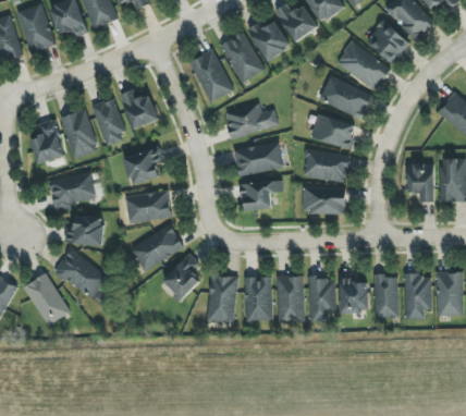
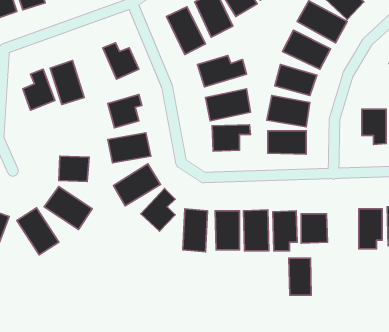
building: [91,98,127,144] -> none
building: [49,173,96,207] -> none
building: [372,276,397,317] -> [289,258,311,295]

